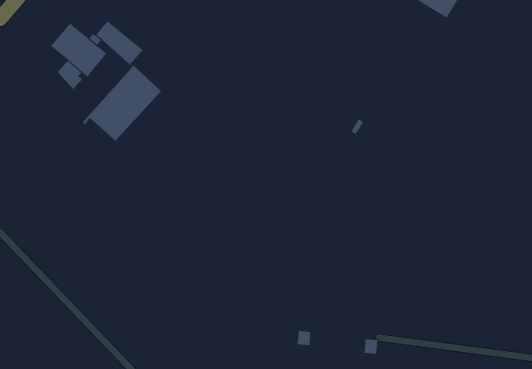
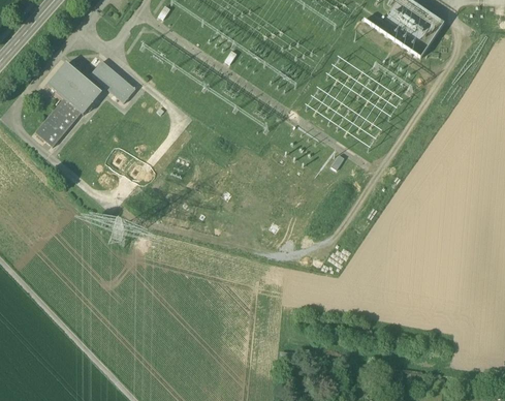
building: [82,65,162,142] -> none
building: none -> [35,109,69,146]

